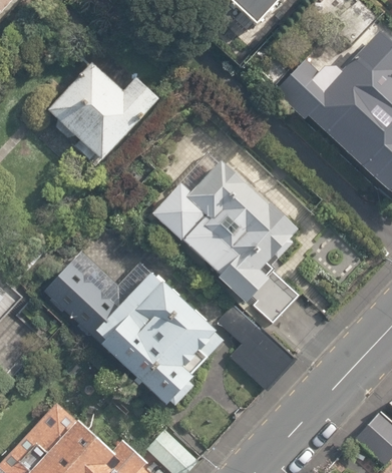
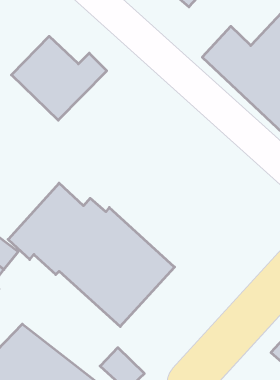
building: [151,160,303,325] -> none
building: [226,324,298,396] -> none

